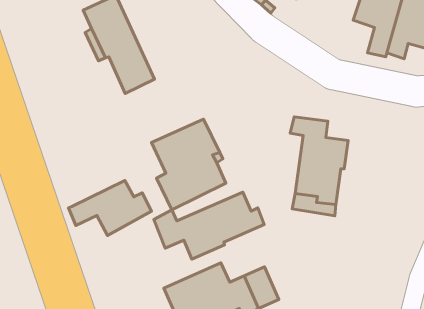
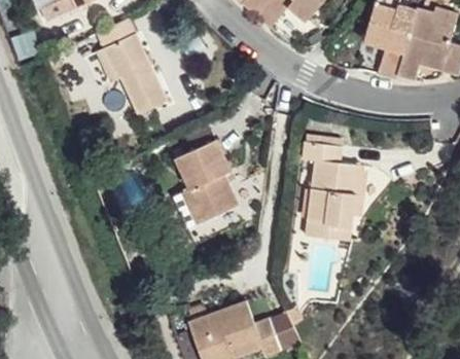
building: [68,181,152,236] -> none
building: [154,192,264,259] -> none

